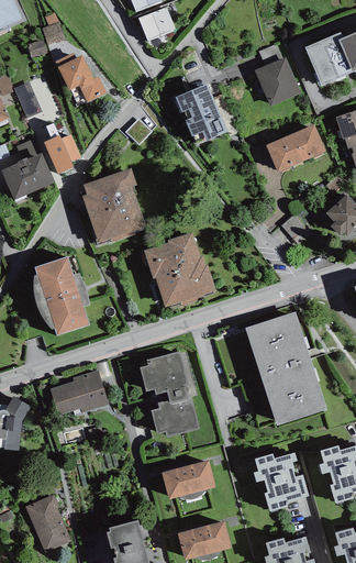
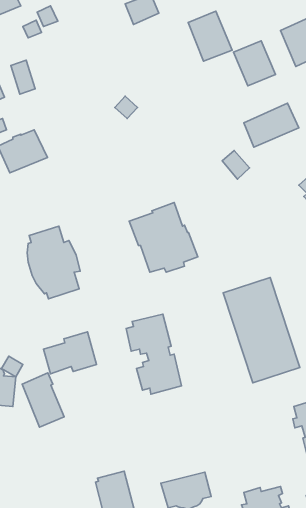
building: [55,52,107,101] -> none
building: [177,85,224,139] -> [188,11,232,61]
building: [42,120,82,177] -> none
building: [81,168,145,243] -> none
building: [281,214,311,245] -> [222,151,250,179]
building: [253,451,309,510] -> none
building: [160,460,214,499] -> none
building: [25,494,70,552] -> [22,373,64,427]

